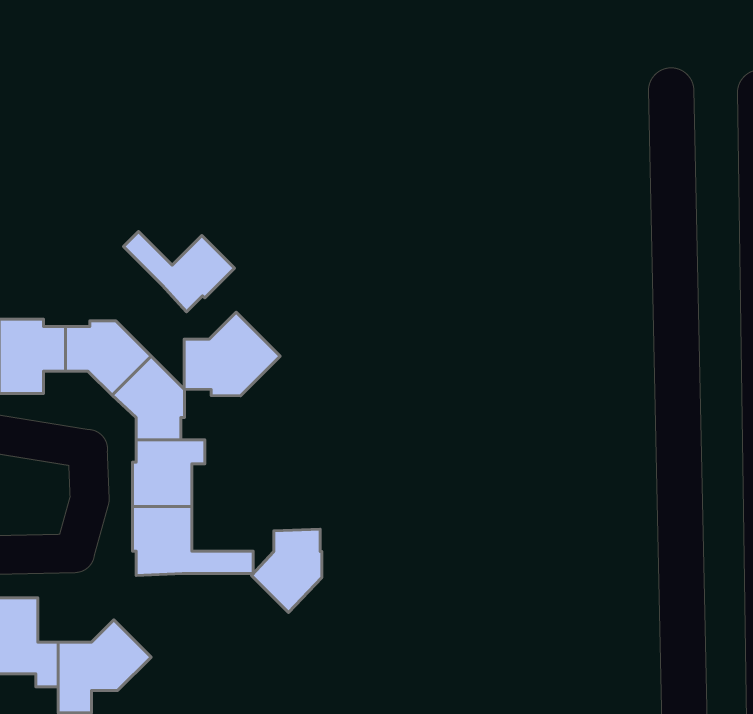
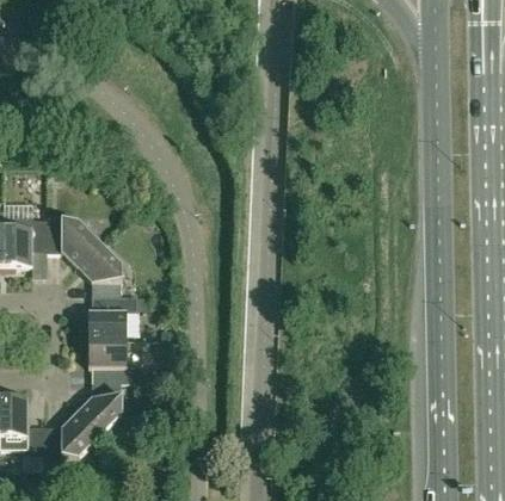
building: [124,232,234,312] -> none
building: [184,312,280,396] -> none
building: [251,529,322,613] -> [76,382,122,435]

